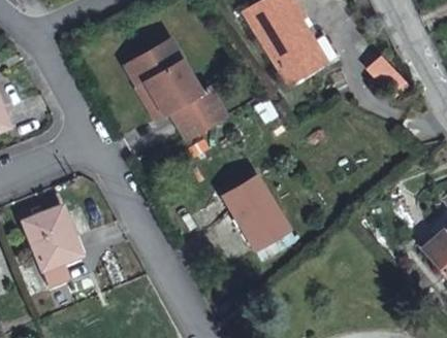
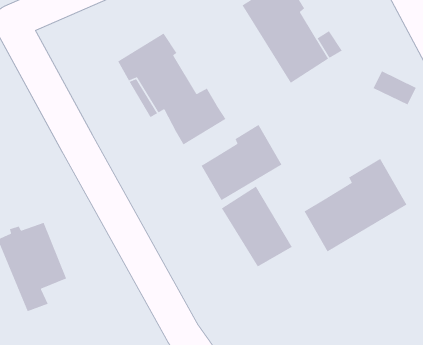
building: none -> [201,124,283,201]
building: none -> [304,158,408,253]

